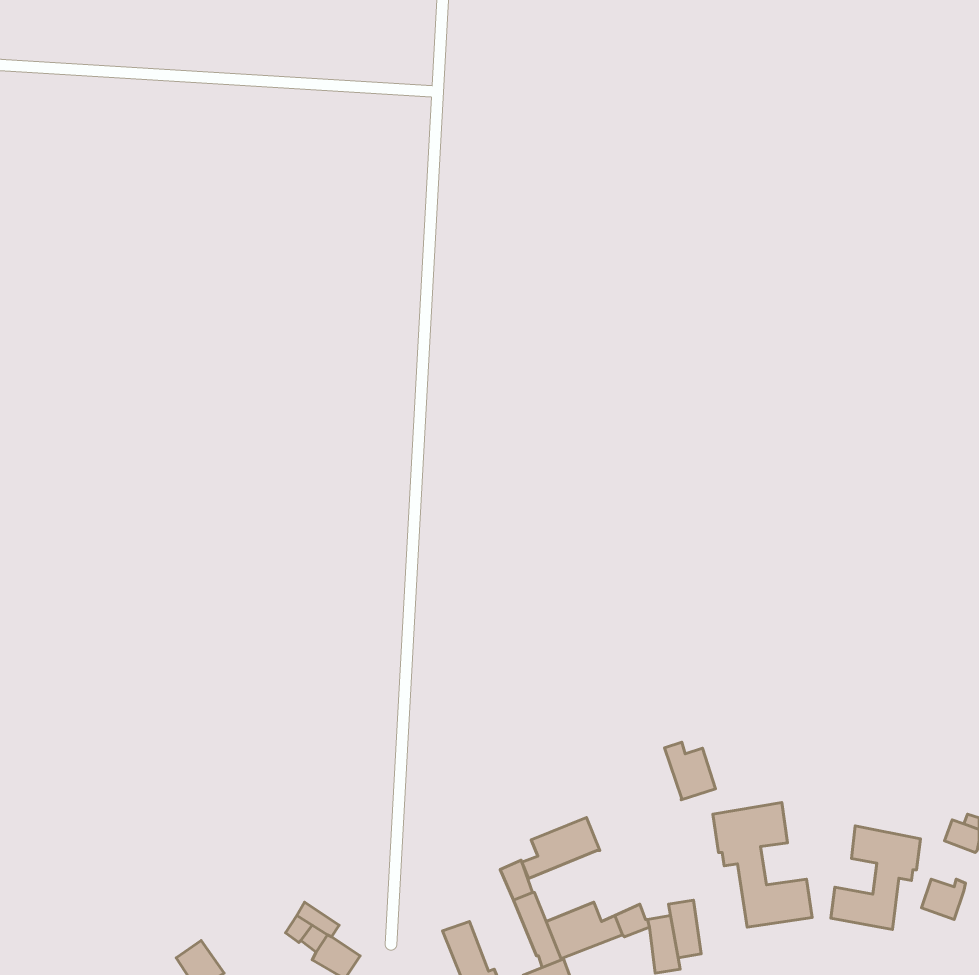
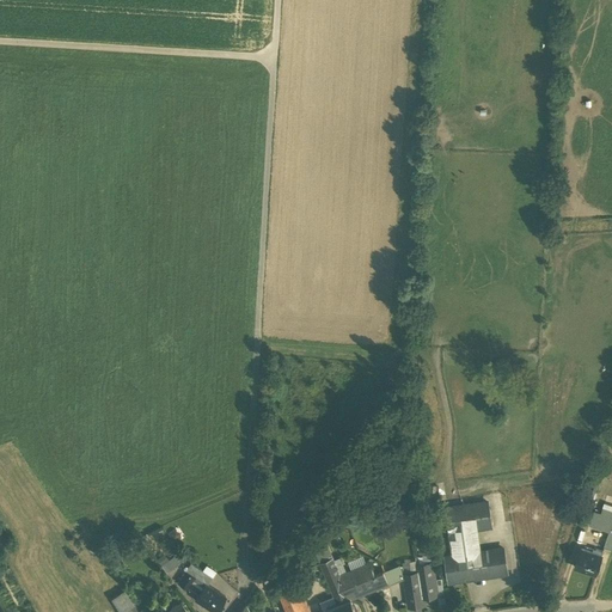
building: [664,742,716,800] -> none
building: [522,818,600,879] -> none
building: [831,826,920,929] -> none
building: none -> [446,541,466,583]

